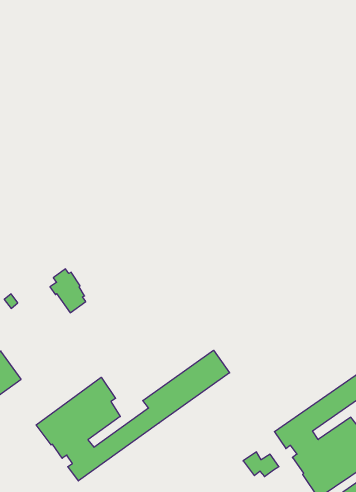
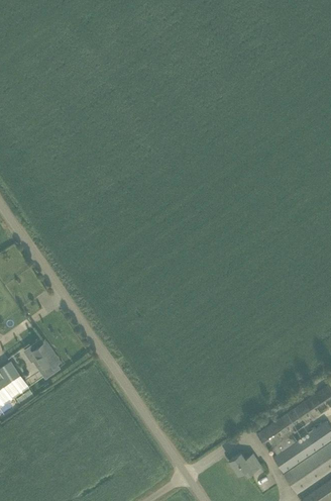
building: [50,269,86,313] -> [26,338,59,378]
building: [36,350,230,481] -> none

